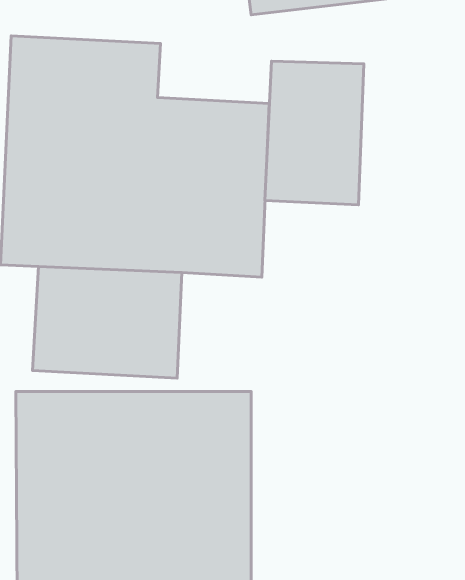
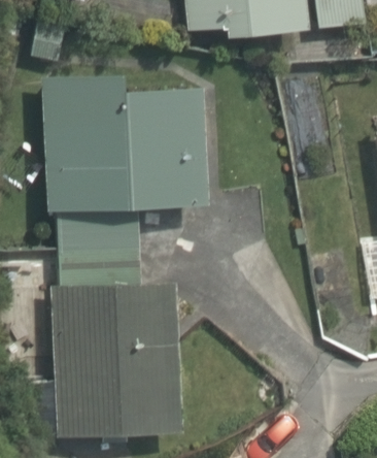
building: [265,61,364,205] -> none

